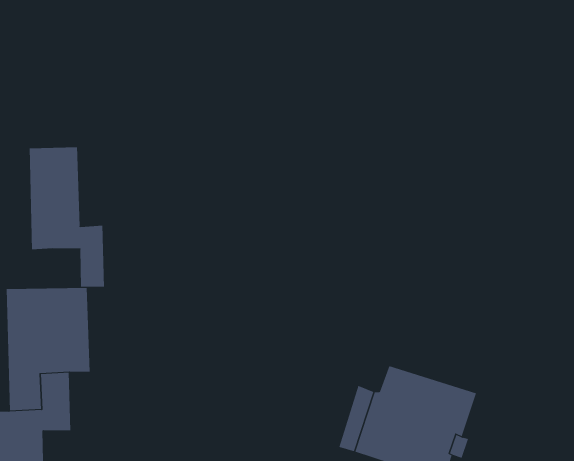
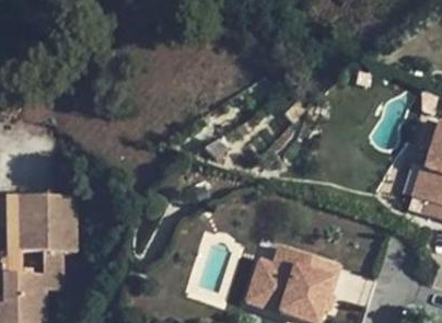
building: [29,146,105,288] -> none

